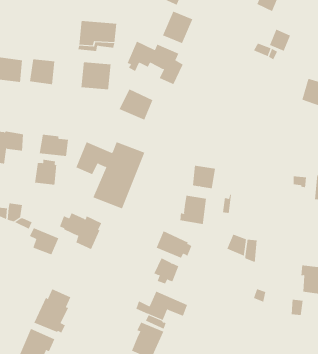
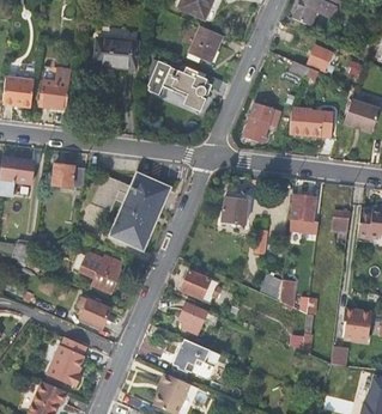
building: [81,61,111,90] -> none
building: none -> [244,102,274,141]
building: none -> [291,109,334,136]
building: [119,89,153,120] -> none
building: [34,159,57,186] -> none
building: none -> [290,194,319,233]
building: [180,195,206,225] -> none
building: [29,227,59,255] -> [75,294,109,325]

